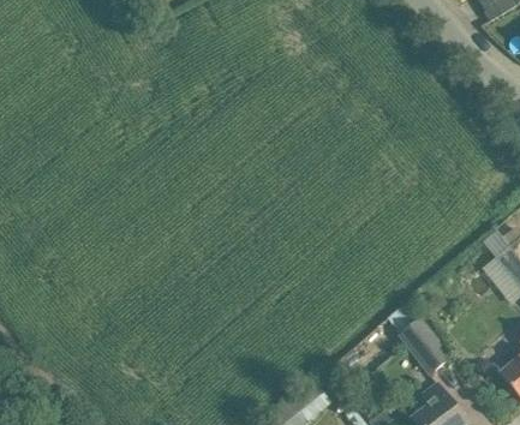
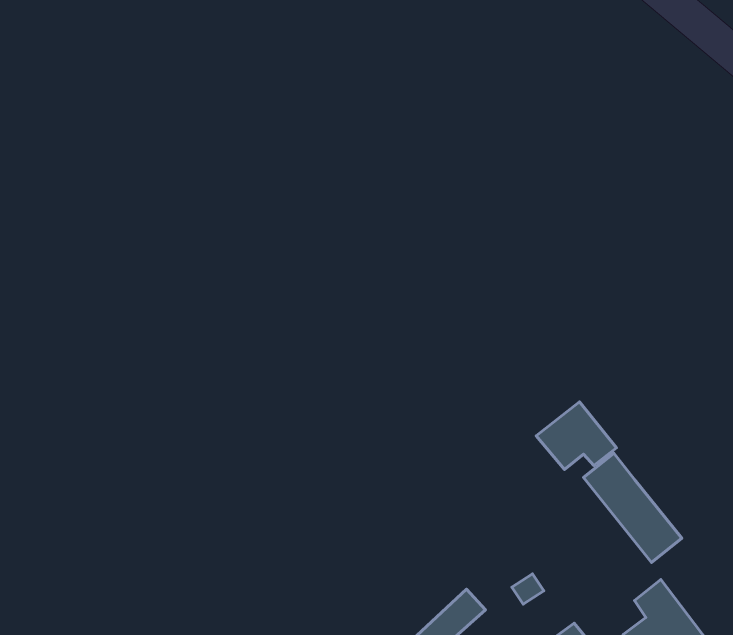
building: none -> [536,402,617,469]

